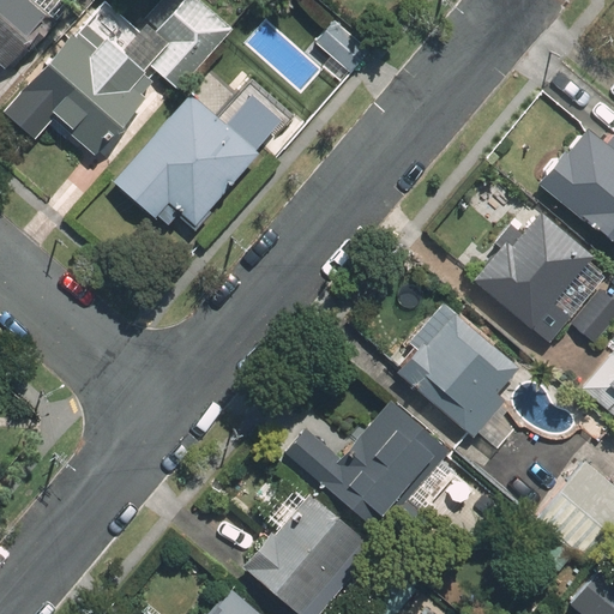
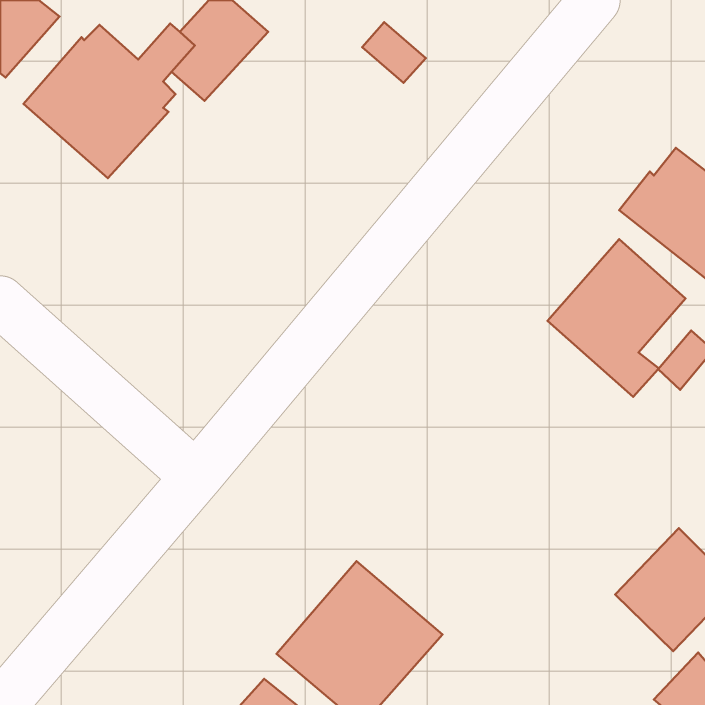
building: [113,95,265,224] -> none
building: [395,301,518,447] -> none
building: [288,401,443,529] -> none

